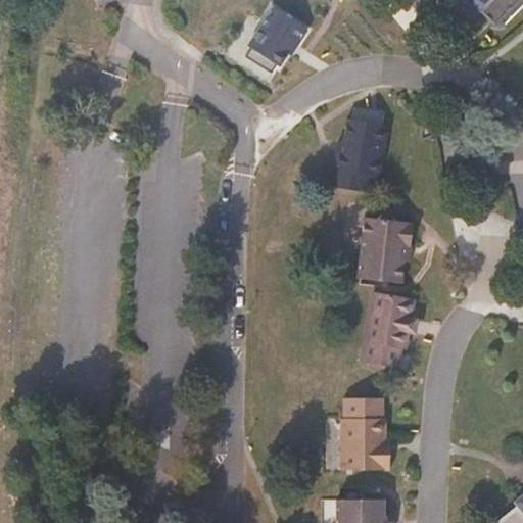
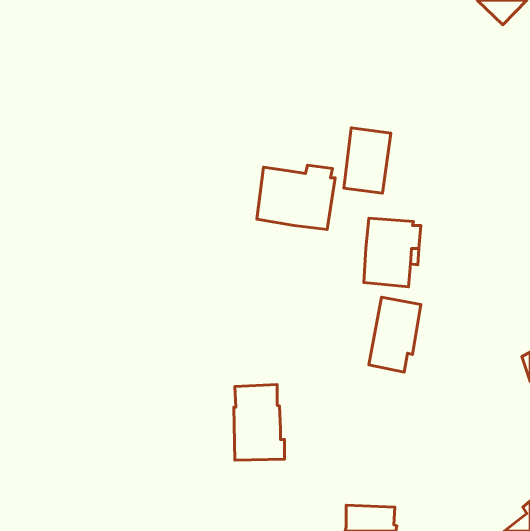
building: [242,9,303,77] -> none
building: none -> [257,165,335,229]
building: [341,397,391,472] -> [234,384,285,460]

